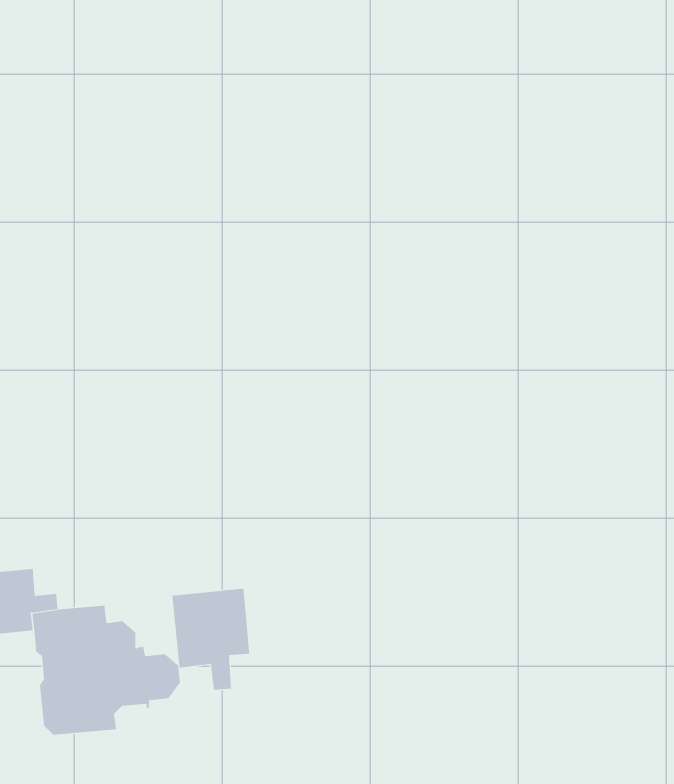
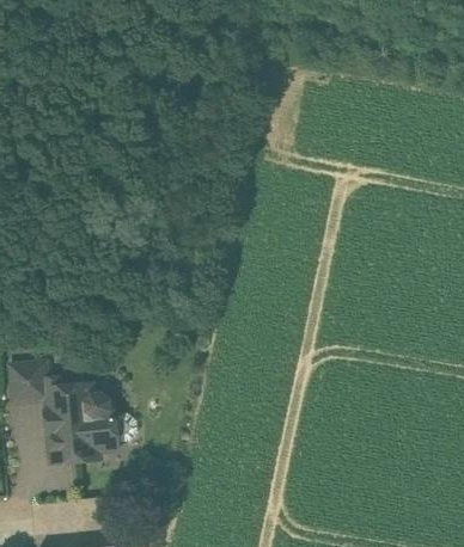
building: [172,588,250,690] -> none

